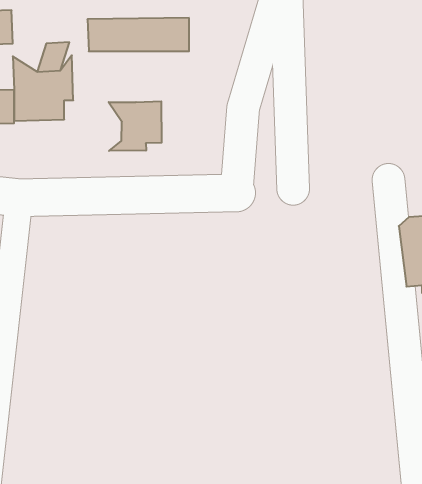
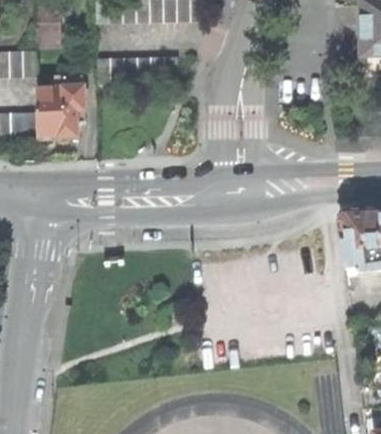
building: [109,101,162,151] -> none

